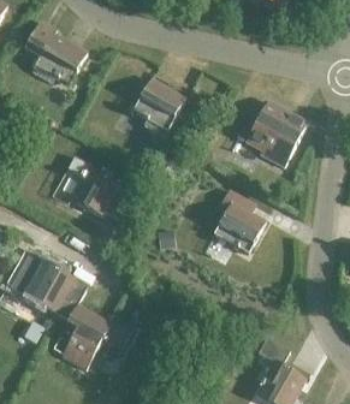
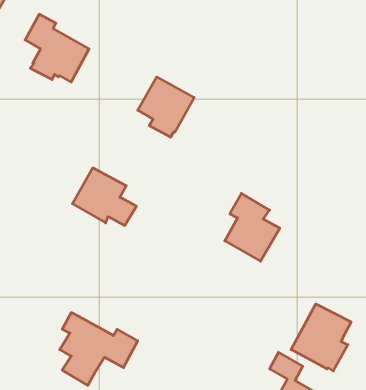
building: [236,101,307,166] -> none
building: [23,257,84,316] -> none
building: none -> [291,304,351,371]

